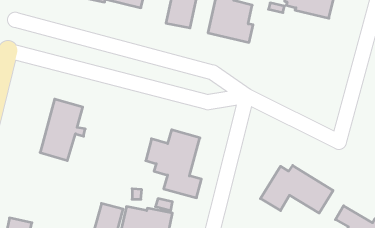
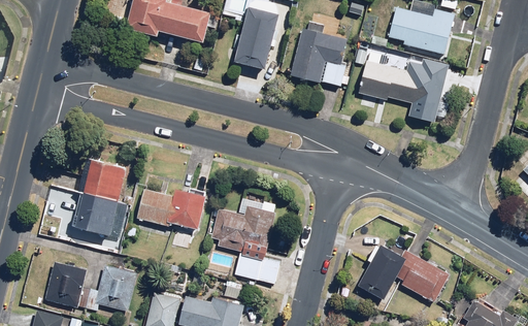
building: none -> [358,52,446,125]
building: none -> [136,188,208,230]
building: none -> [45,263,136,312]

